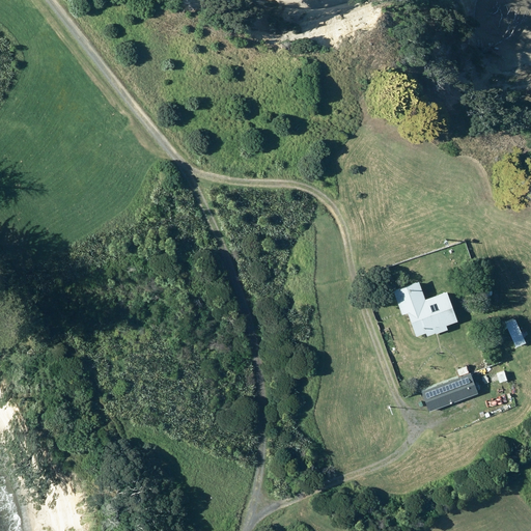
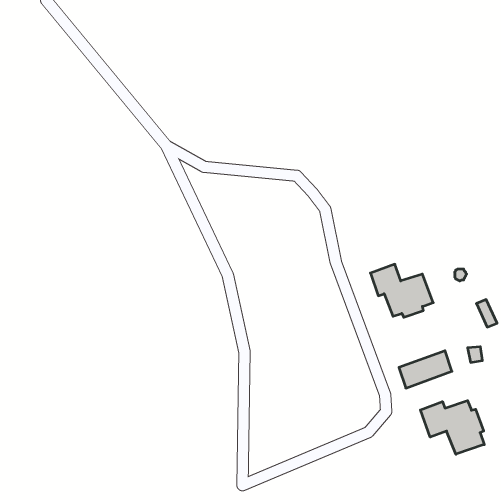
building: none -> [420,401,484,454]

